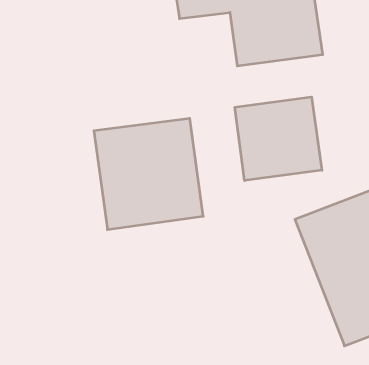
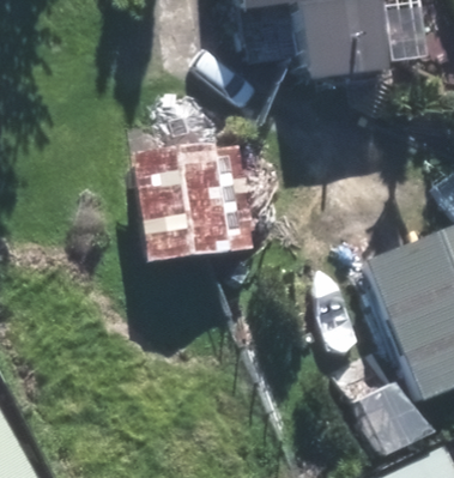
building: [235,97,322,181] -> none

